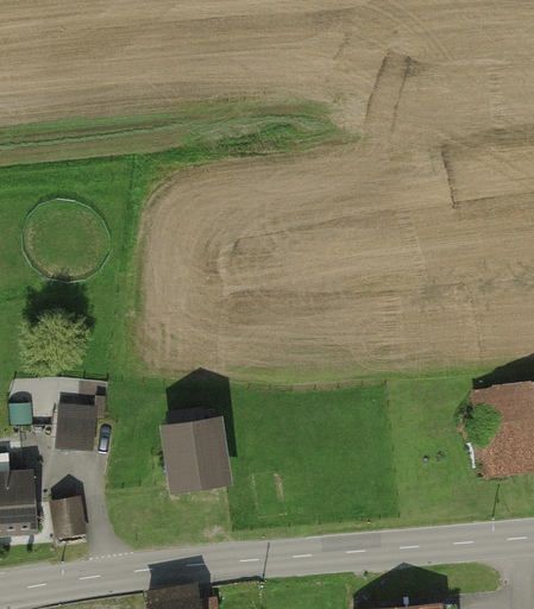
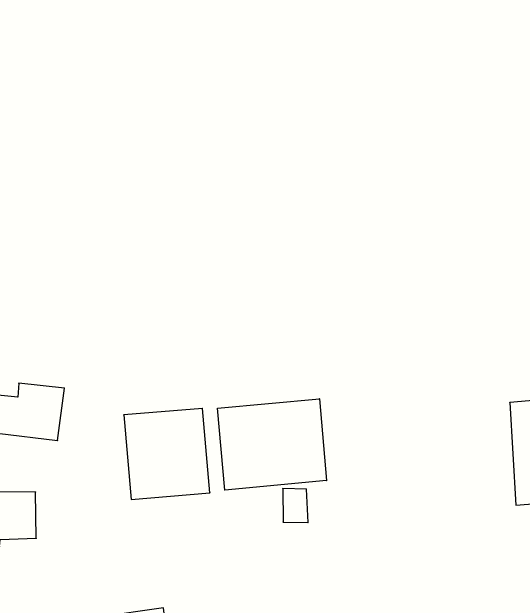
building: none -> [218,399,327,490]

